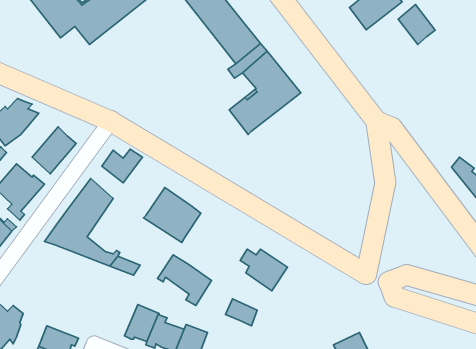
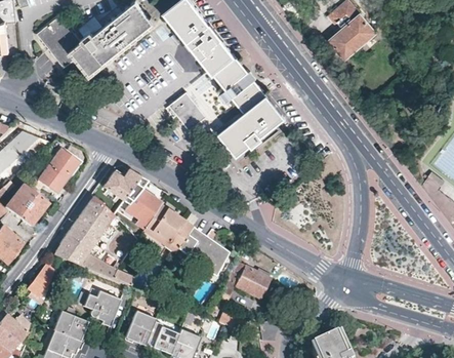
building: [398,5,435,45] -> none
building: none -> [166,90,206,128]
building: none -> [122,177,162,231]
building: none -> [24,260,54,303]
building: [158,255,212,305] -> [178,229,228,275]
building: none -> [82,291,119,327]
building: none -> [51,311,86,343]

